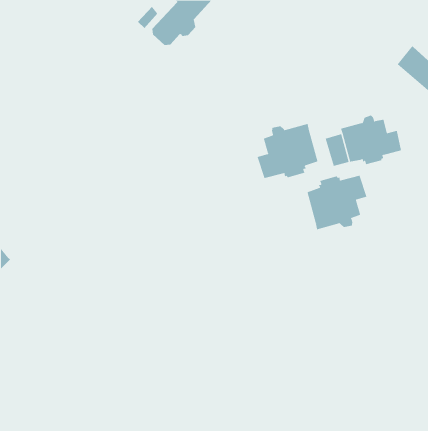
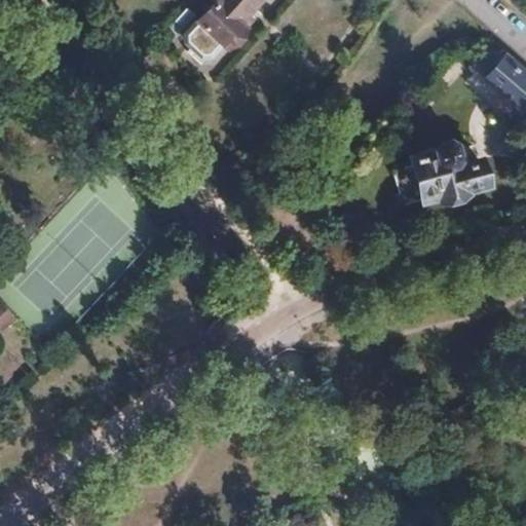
building: [257,123,318,179] -> none
building: [307,175,367,230] -> none

